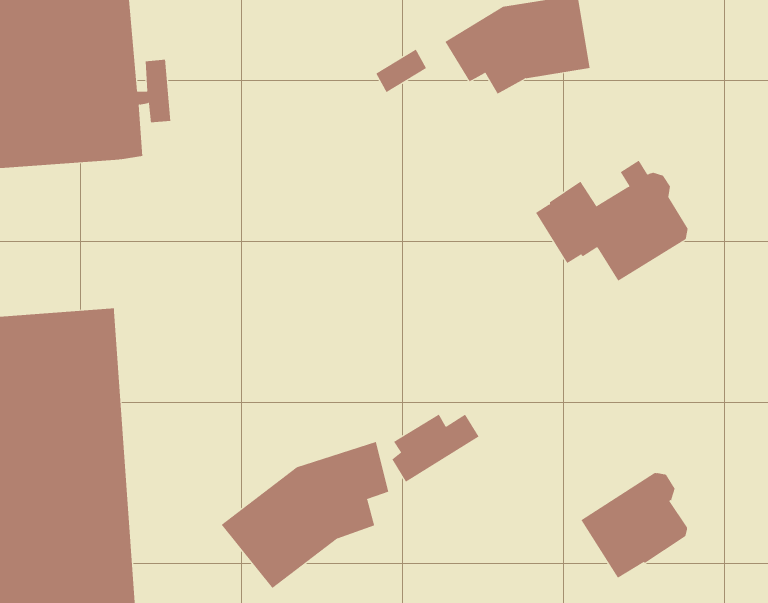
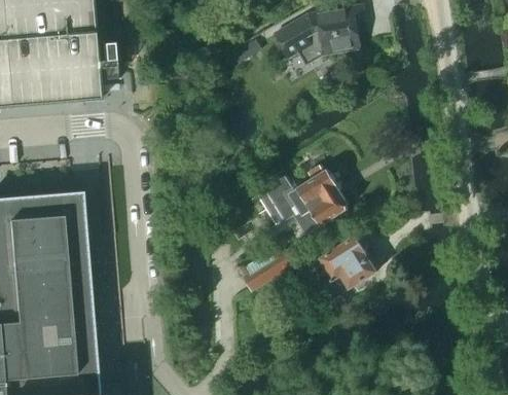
building: [535,160,688,281] -> [259,165,349,236]
building: [221,441,389,589] -> none
building: [580,473,688,578] -> [314,237,376,298]

